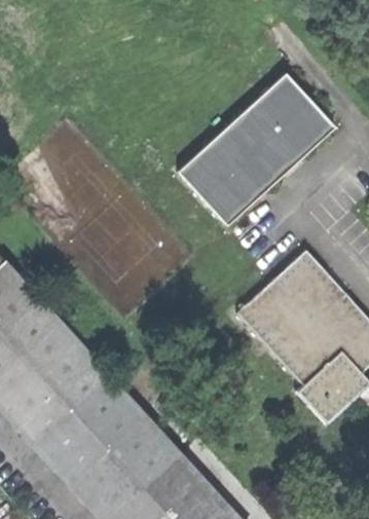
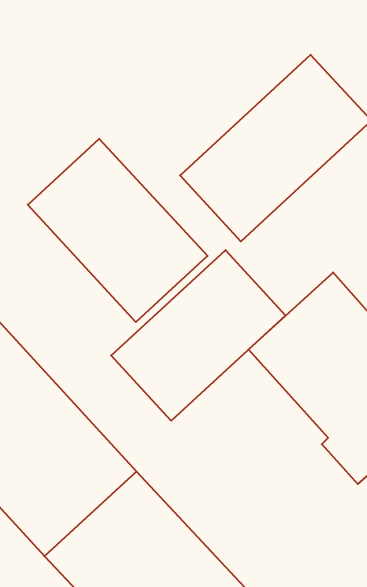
building: none -> [28,139,208,322]
building: none -> [111,250,286,421]

